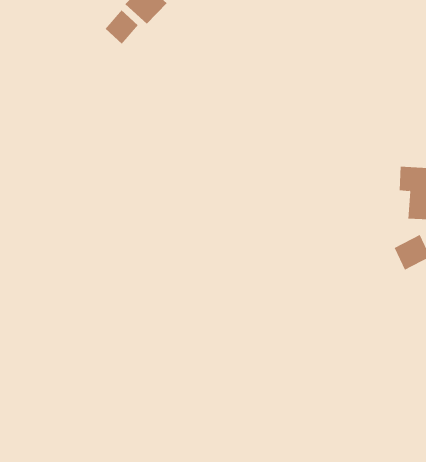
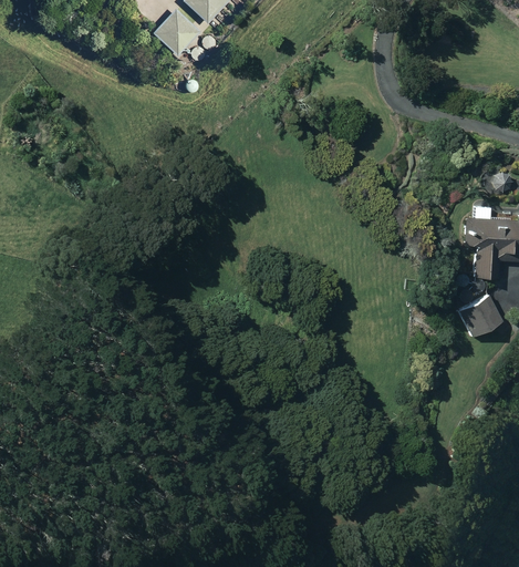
building: [105,10,139,44] -> none

